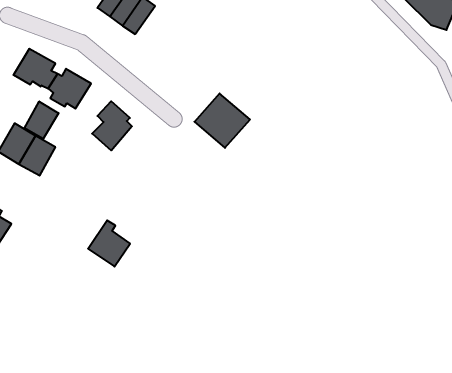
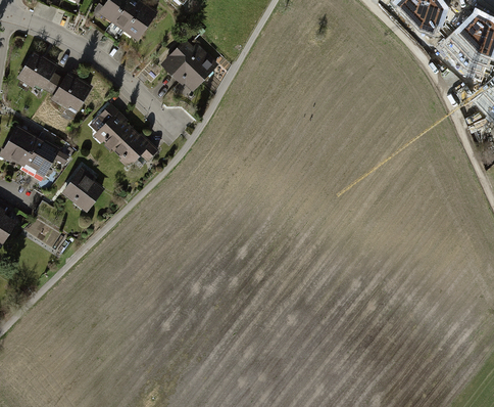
building: [194,93,250,148] -> [162,38,216,91]
building: [24,101,59,139] -> none
building: none -> [111,128,159,167]
building: [88,220,130,267] -> [61,168,102,213]

